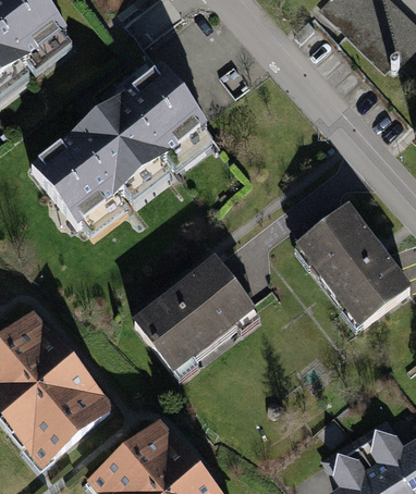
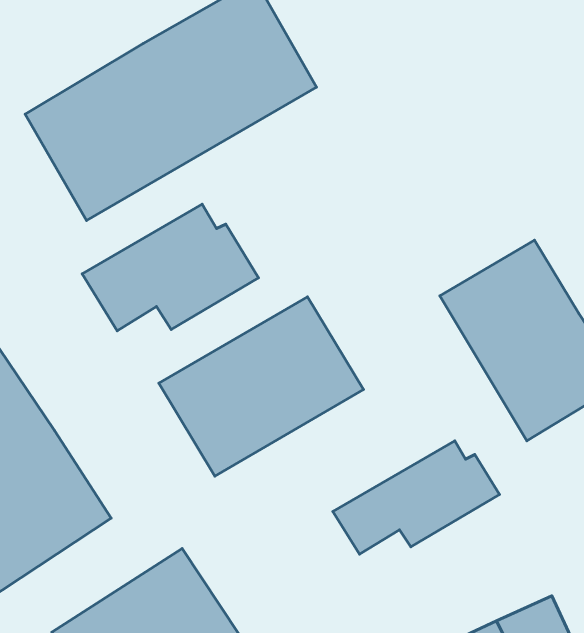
building: none -> [82,204,258,331]
building: none -> [333,441,500,554]

